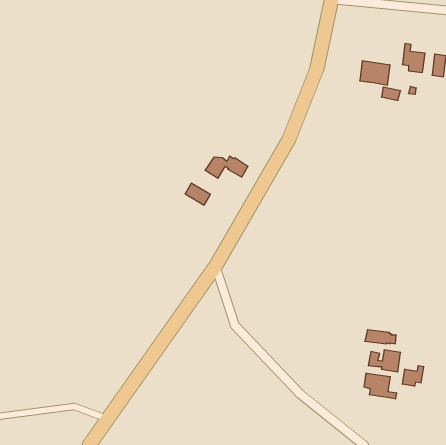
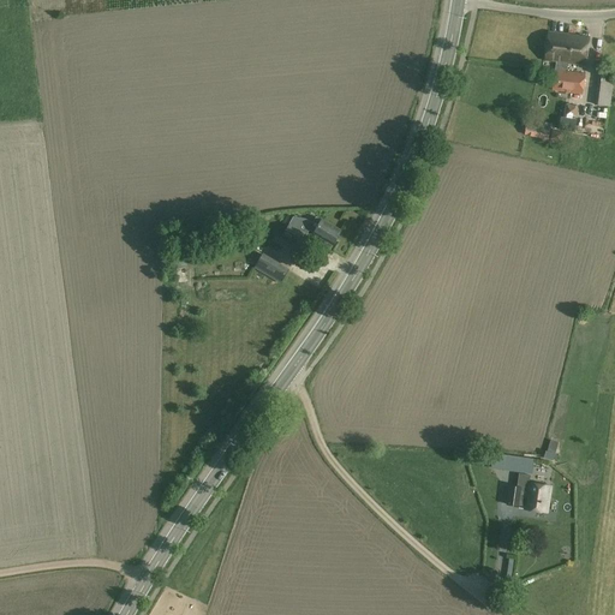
building: [360,61,390,85] -> [547,31,589,65]
building: [402,366,424,386] -> none
building: [364,373,396,399] -> none

